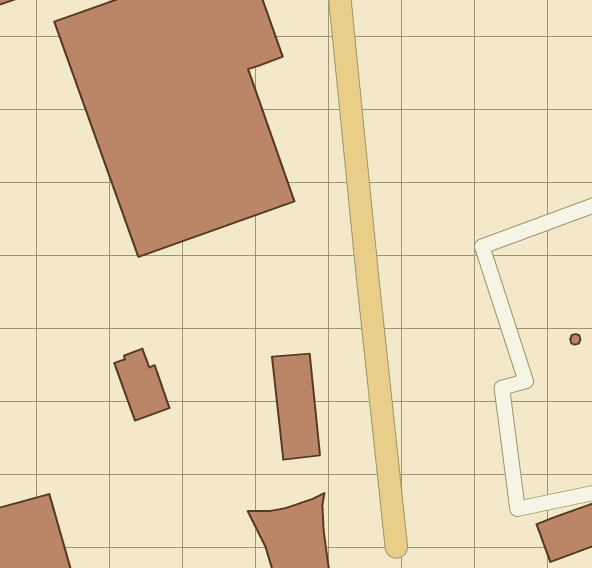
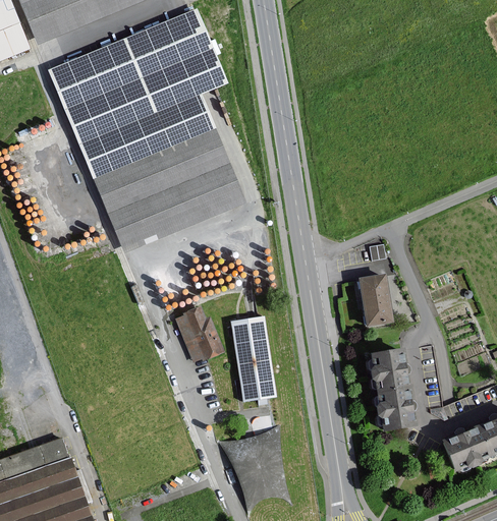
building: none -> [361,276,391,325]
building: [114,349,170,420] -> [176,308,221,364]
building: none -> [369,349,415,428]

